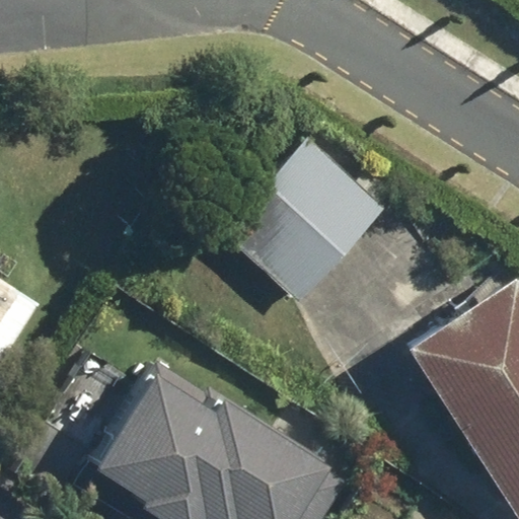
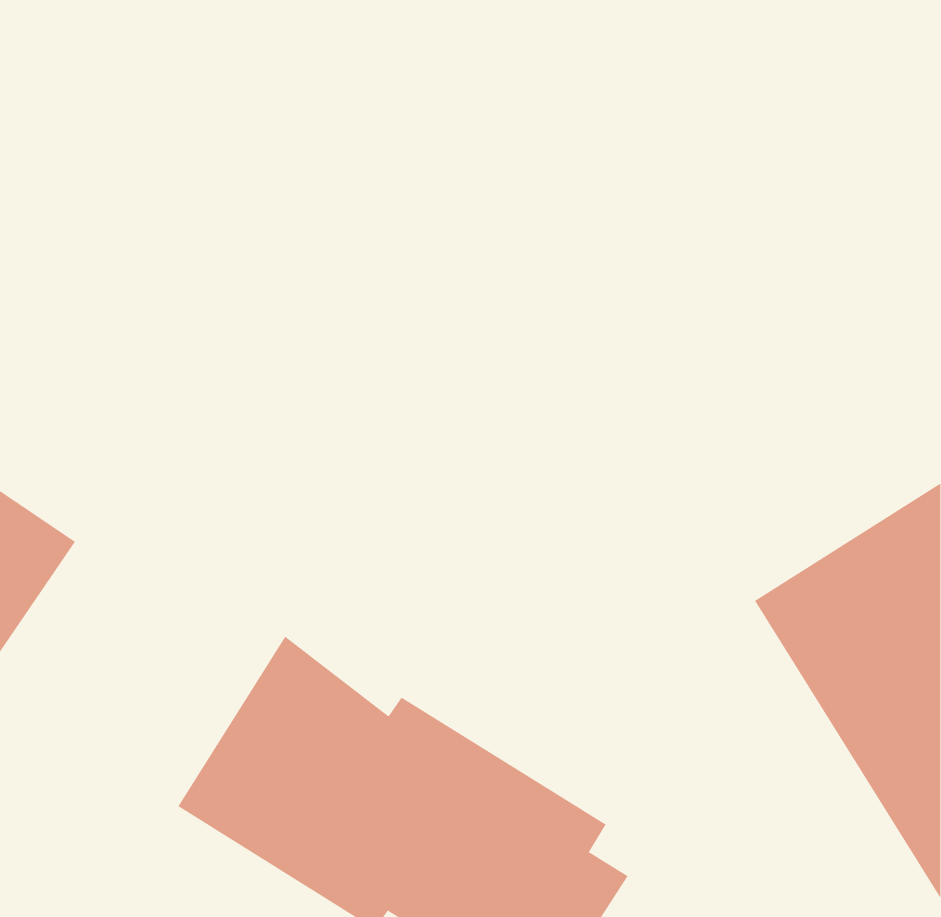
building: [221,145,385,309] -> none

